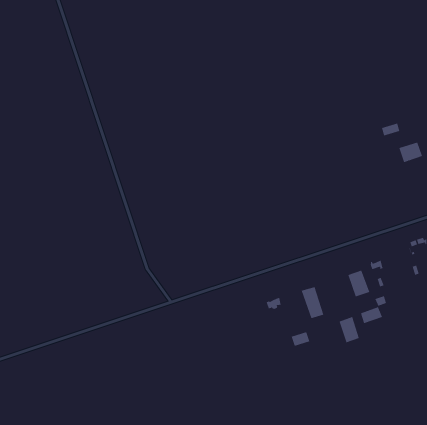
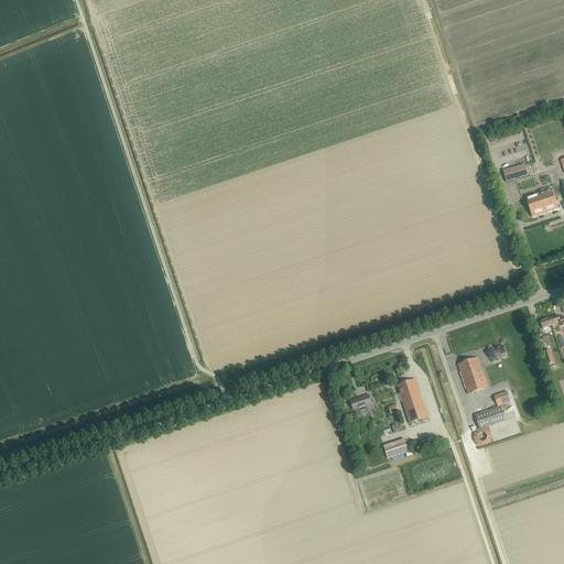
building: [339,316,360,343] -> none

